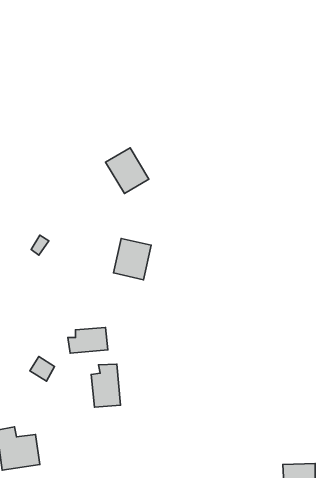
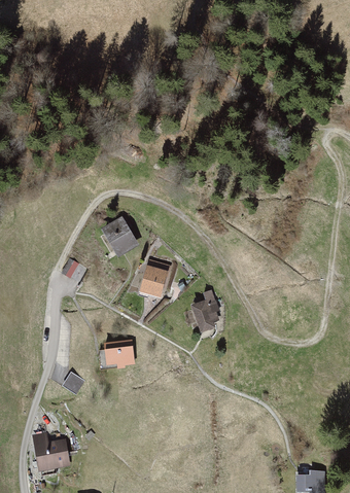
building: [106,148,149,193] -> [98,217,138,259]
building: none -> [188,291,222,333]
building: [91,364,120,407] -> none

